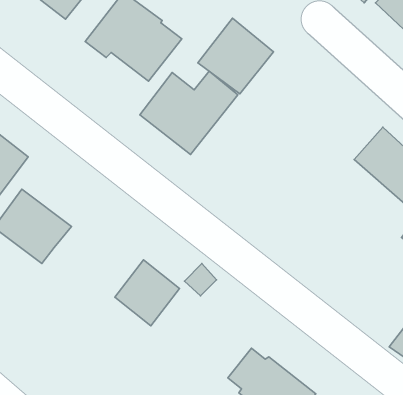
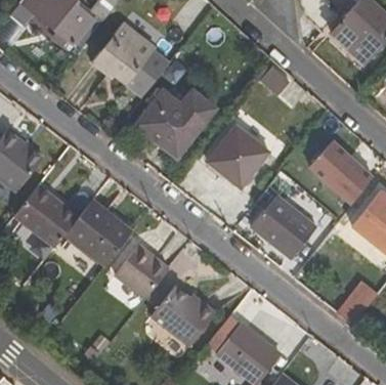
building: [198,18,273,94] -> [207,125,269,187]
building: none -> [251,196,316,259]
building: none -> [65,199,131,264]
building: none -> [151,285,216,346]

